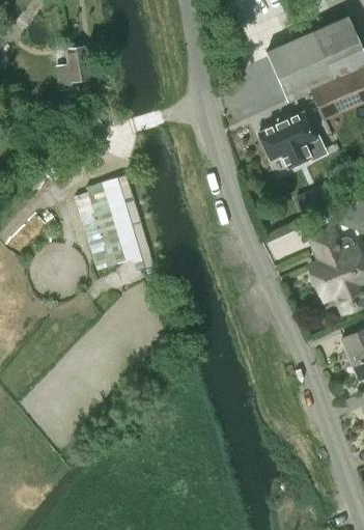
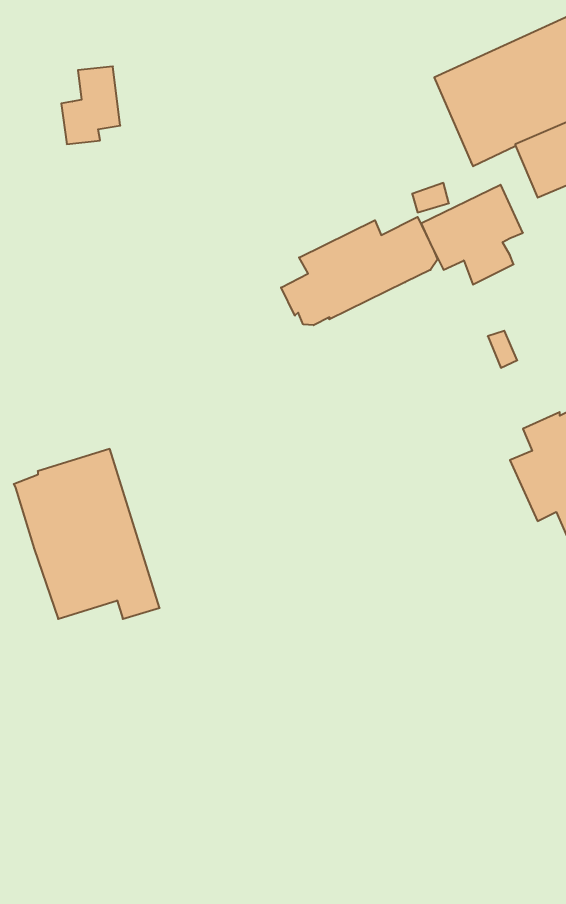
building: none -> [281,217,438,325]
building: [74,175,156,271] -> [14,449,160,619]

